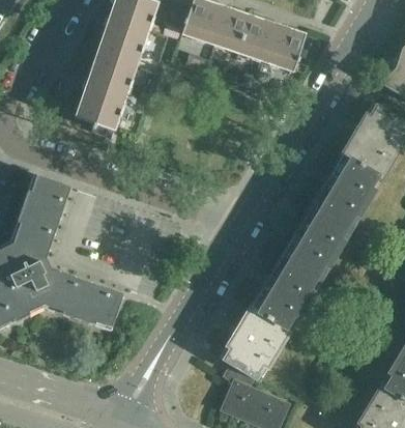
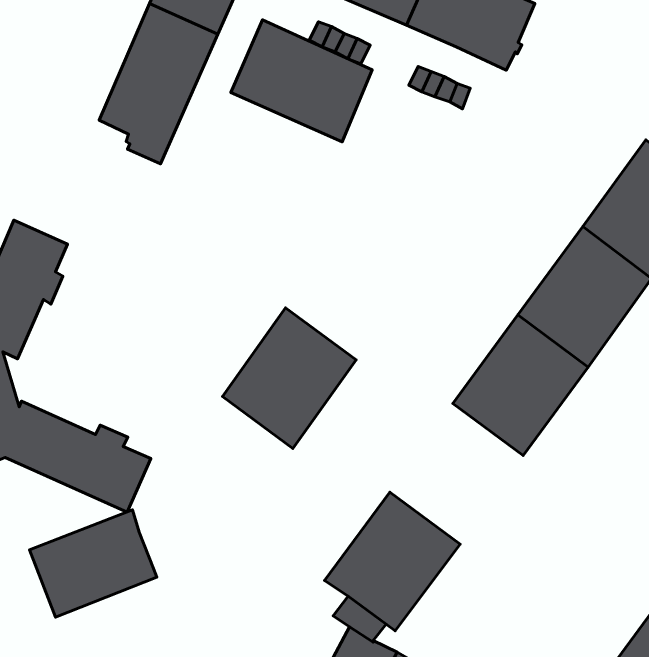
building: none -> [231,20,372,142]
building: [251,254,321,330] -> [223,308,356,449]
building: none -> [29,510,157,617]

